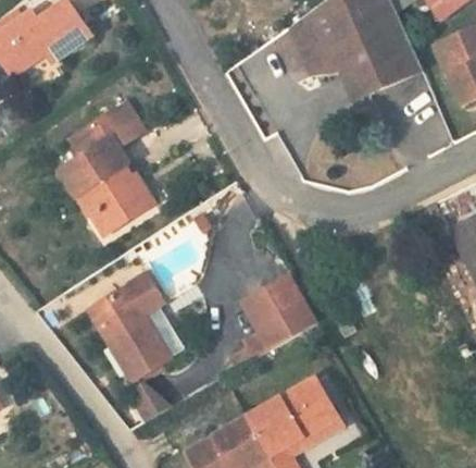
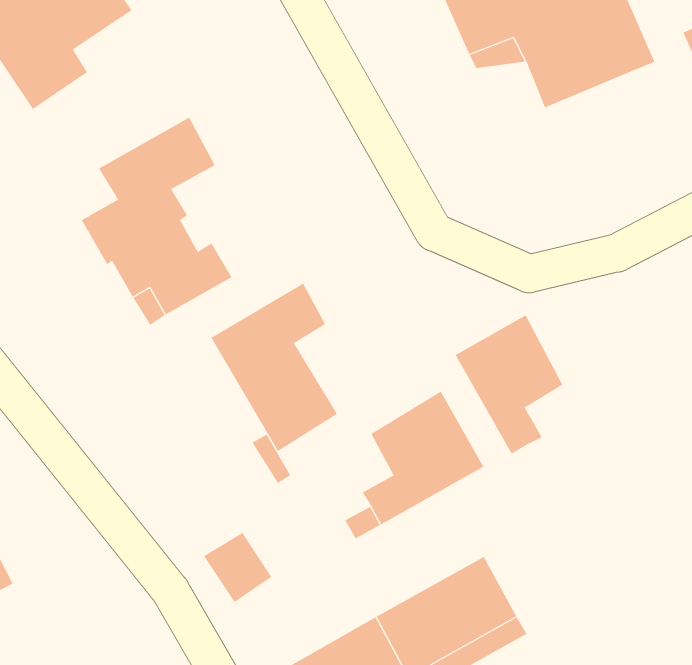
building: none -> [455,314,563,455]
building: [88,274,168,381] -> [210,283,338,452]

